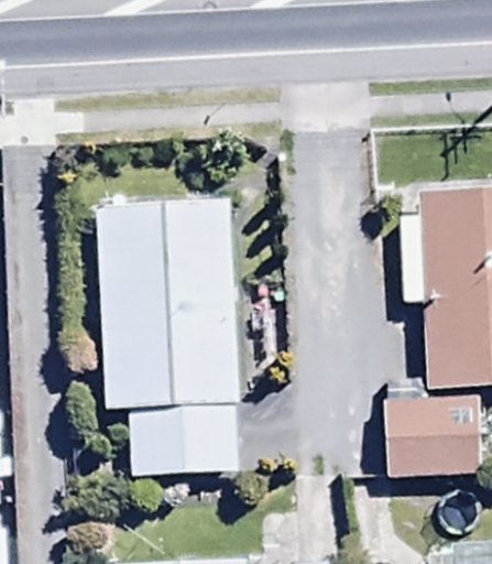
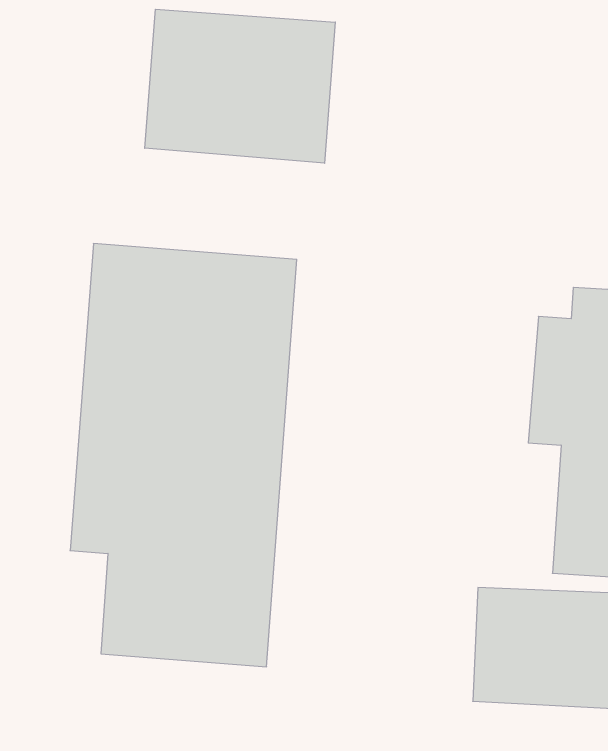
building: none -> [145,9,335,163]

